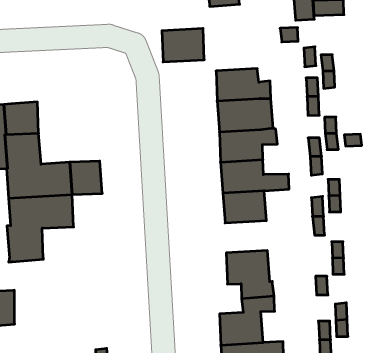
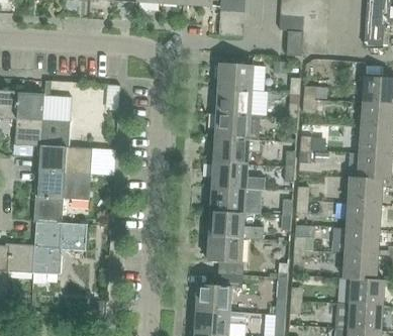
building: [162,28,204,62] -> [217,63,253,90]
building: none -> [208,211,263,239]
building: none -> [31,222,87,274]

